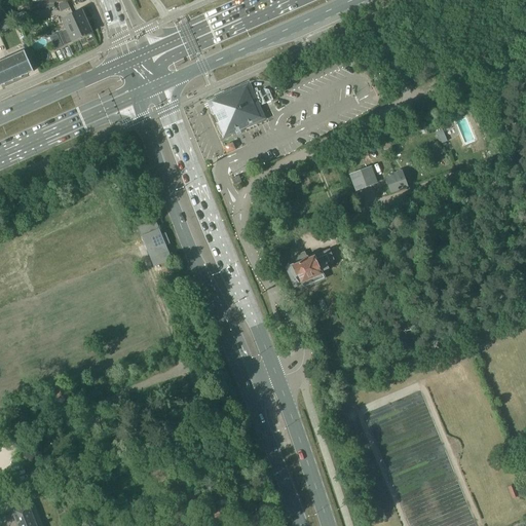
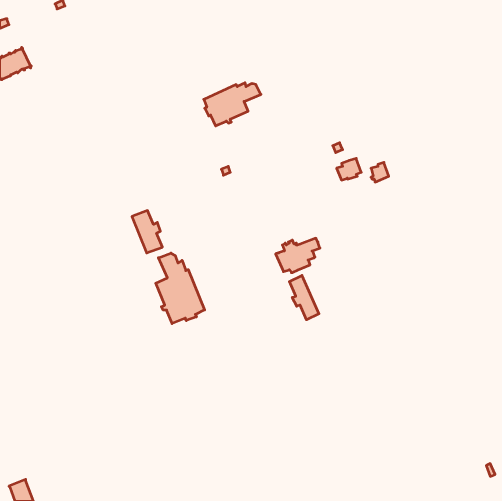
building: [58,10,90,44] -> none
building: none -> [156,253,205,324]
building: none -> [289,275,319,320]

